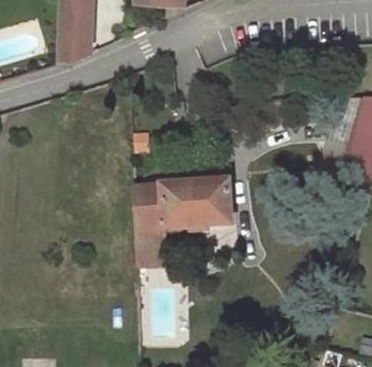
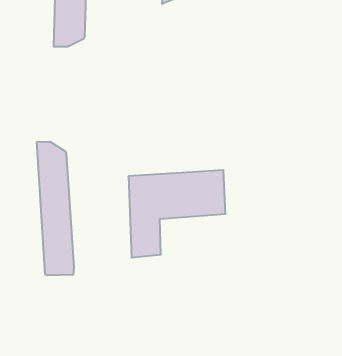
building: none -> [37,142,74,275]

